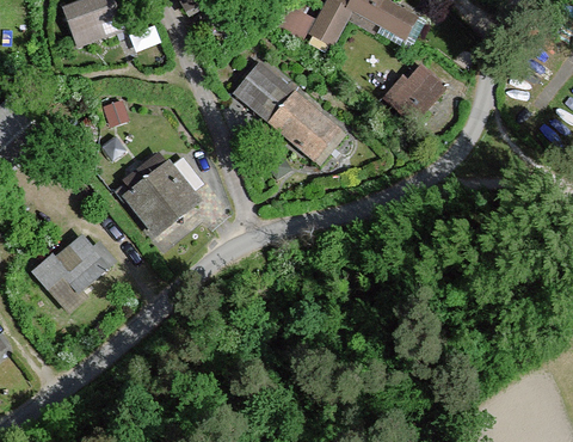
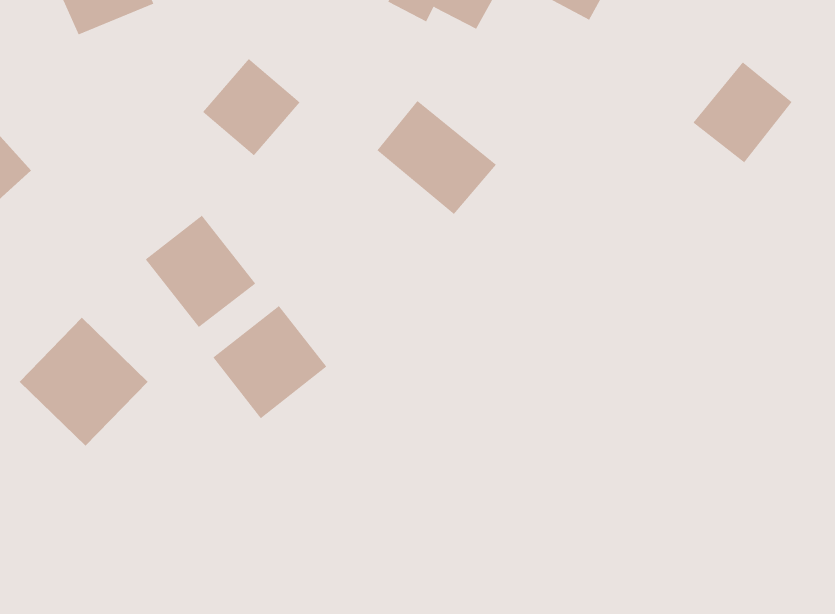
building: [232,48,295,111] -> [202,58,300,156]
building: [386,49,450,115] -> [693,61,793,163]
building: none -> [212,305,327,419]

